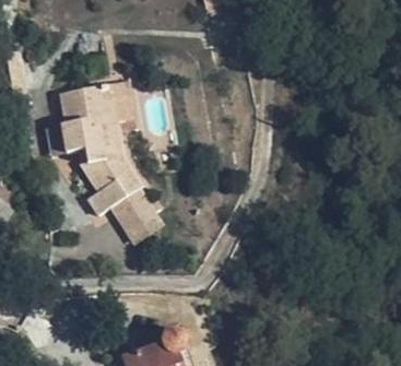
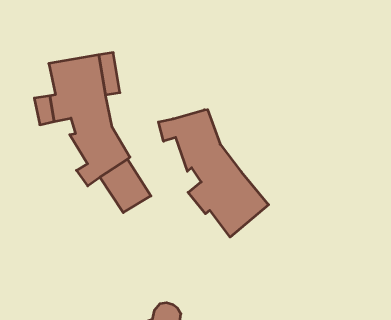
building: none -> [158,110,269,237]

